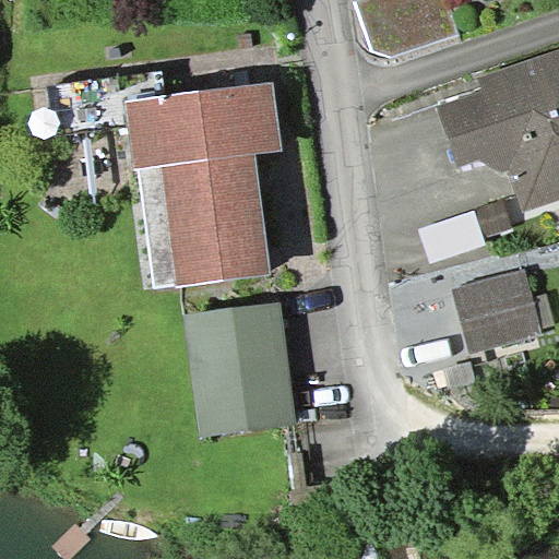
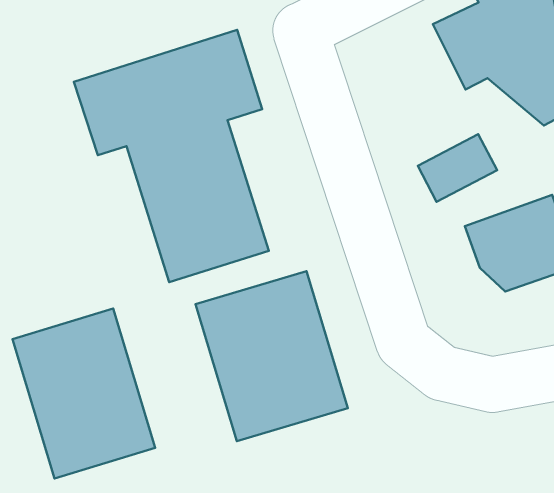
building: none -> [12,308,155,479]

